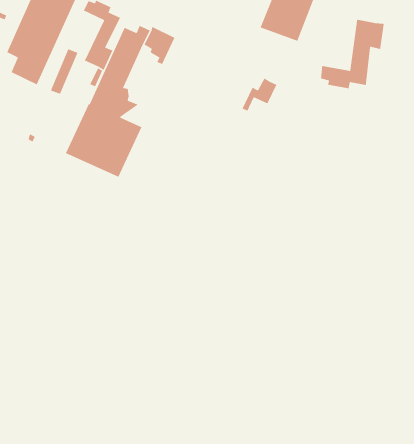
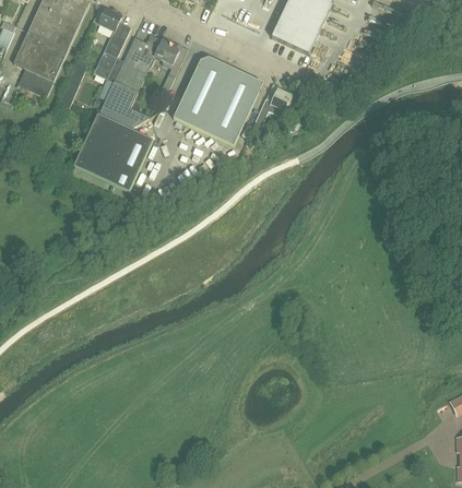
building: [320,19,385,89] -> none
building: none -> [173,56,262,145]

